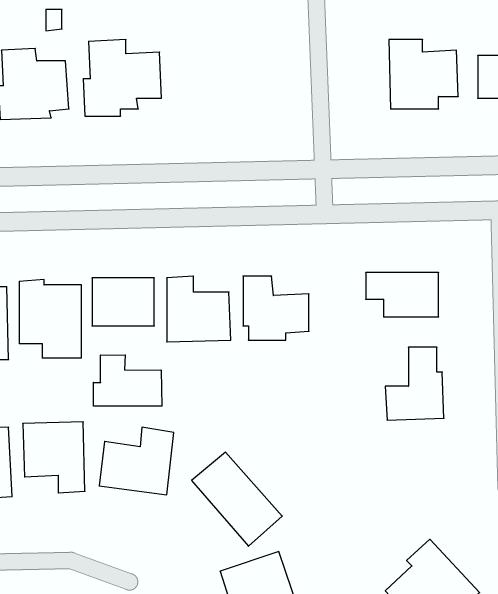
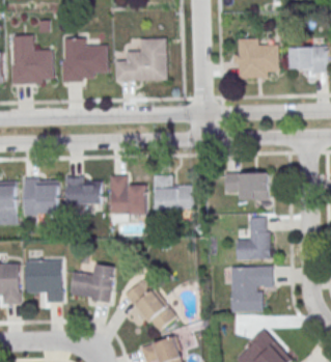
building: none -> [114,37,166,81]
building: [93,355,162,406] -> none
building: none -> [231,267,273,311]

